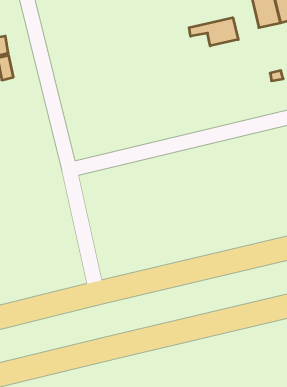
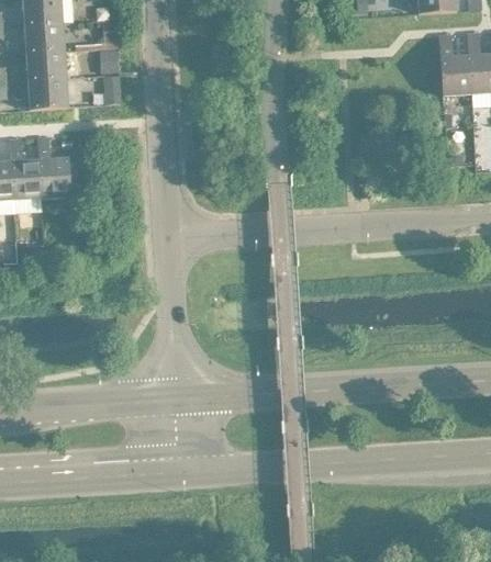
building: [189,18,238,46] -> none

